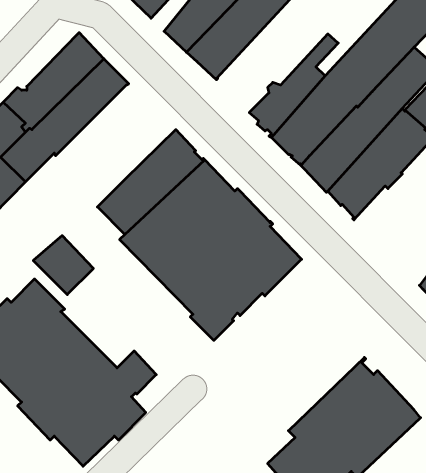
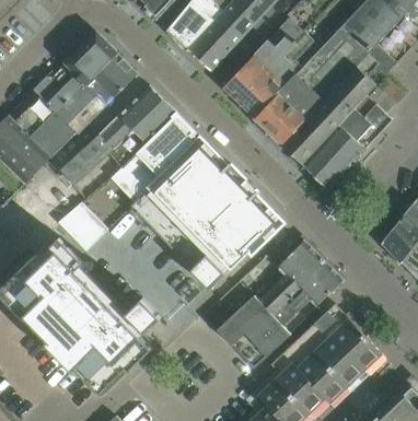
building: none -> [225,17,304,98]
building: none -> [60,85,177,185]
building: none -> [218,238,344,369]

